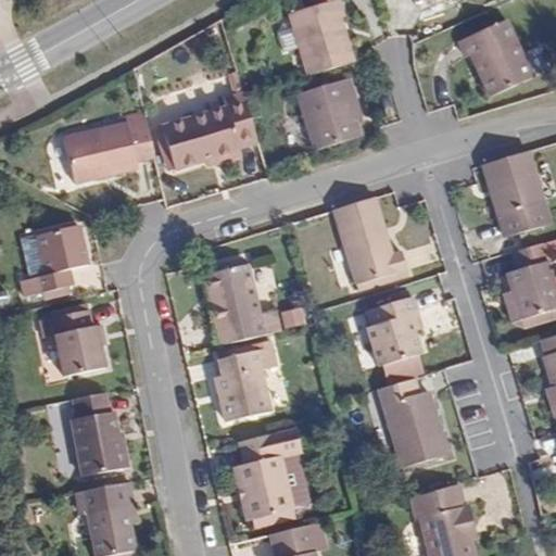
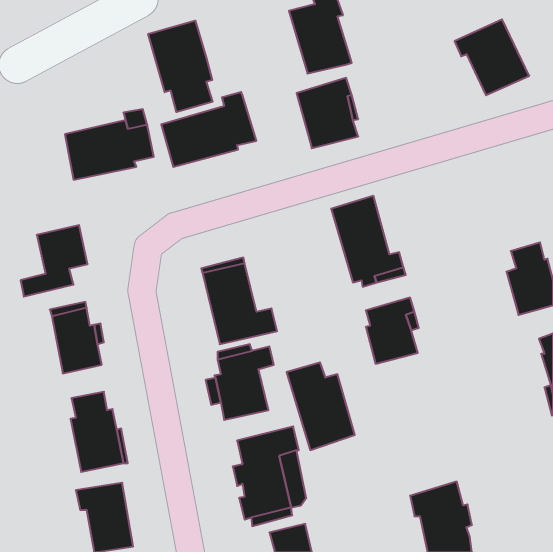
building: none -> [148,21,213,112]
building: [483,151,548,236] -> none
building: [378,379,446,467] -> [287,362,355,450]

